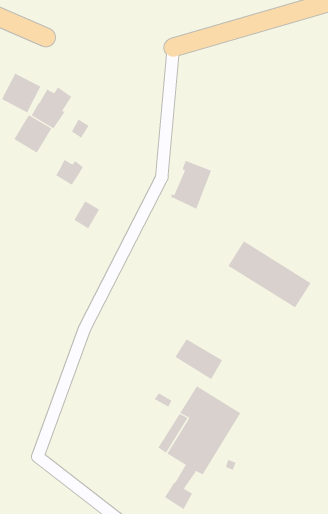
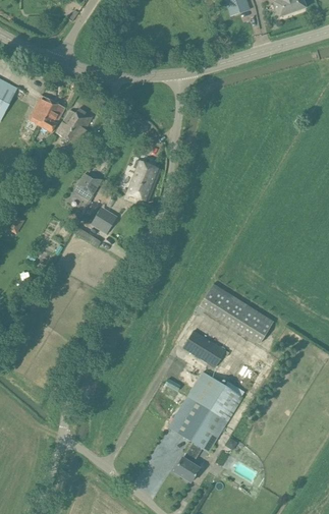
building: [14,114,52,154] -> none
building: [170,160,212,210] -> [123,160,160,204]
building: [228,240,311,308] -> [199,283,273,343]

